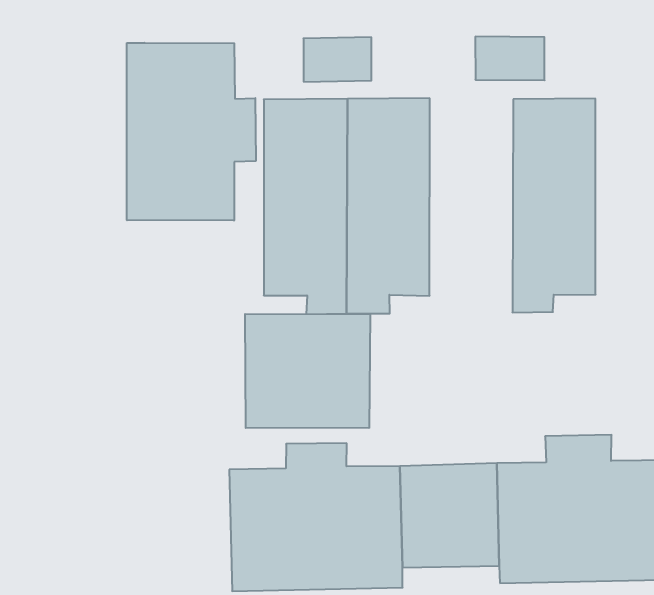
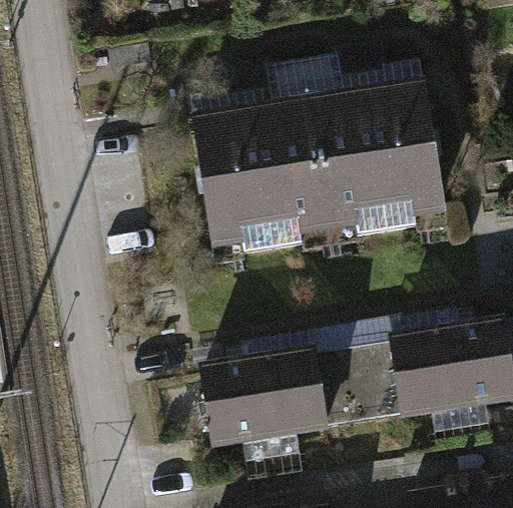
building: [127,43,256,221] -> none
building: none -> [311,84,388,236]
building: [245,314,370,428] -> none

